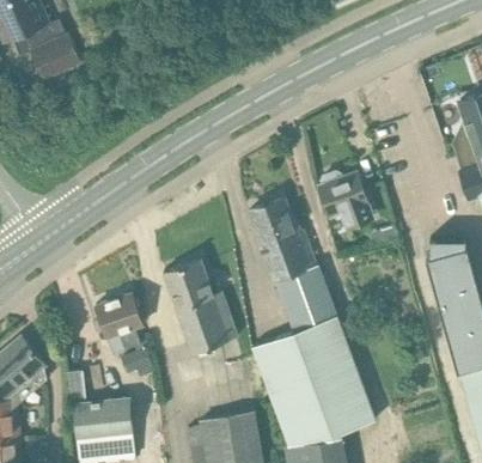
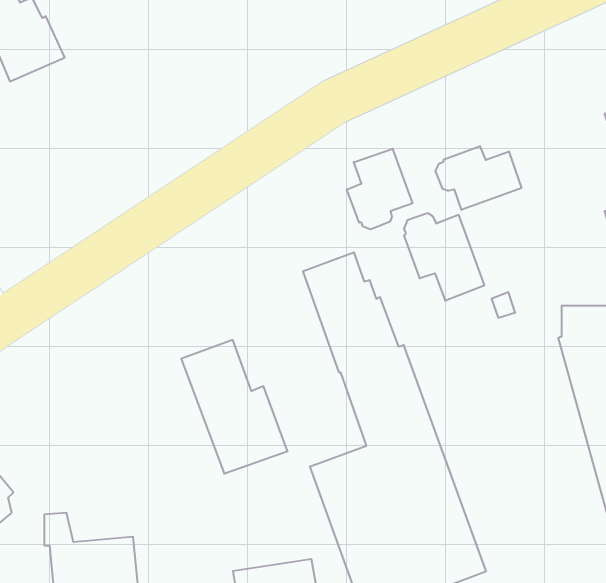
building: none -> [436,146,521,210]
building: none -> [347,149,412,229]
building: [96,293,154,378] -> none

